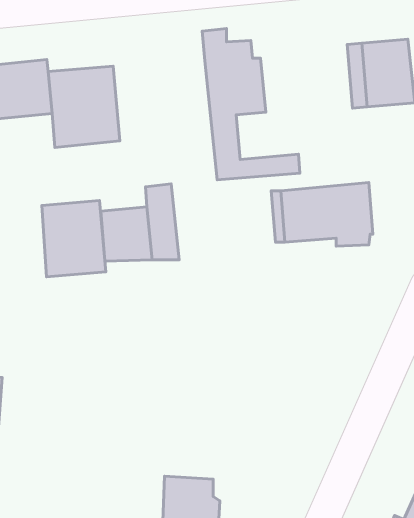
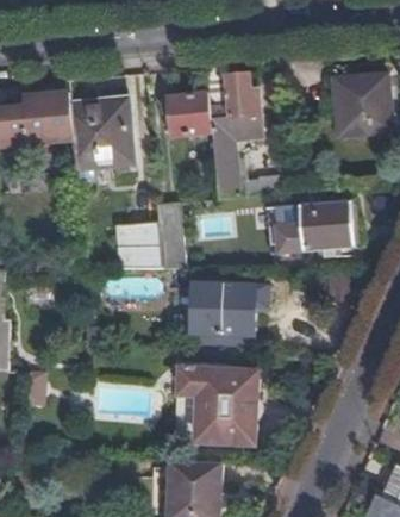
building: none -> [165,93,211,137]
building: [42,201,106,277] -> none
building: none -> [192,284,255,351]
building: none -> [182,369,258,443]

